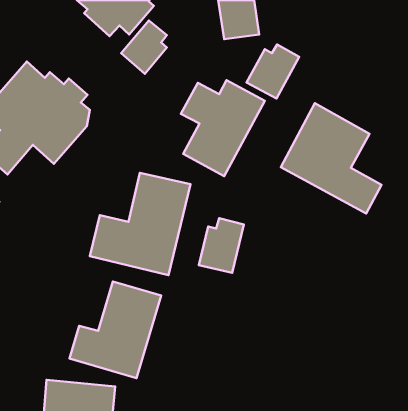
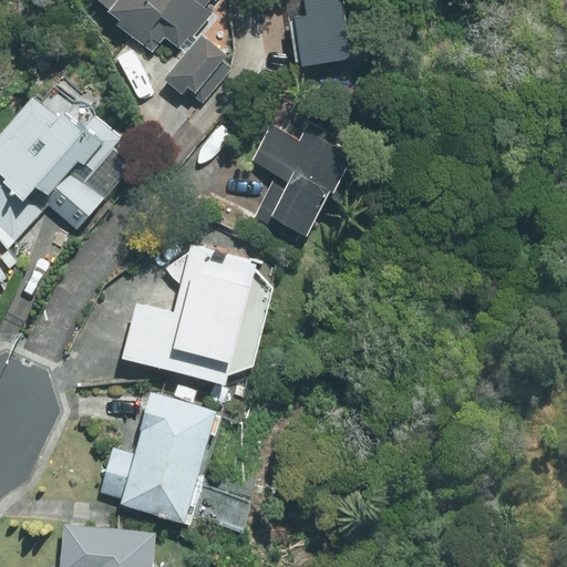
building: [247,44,299,98] -> none
building: [281,103,382,214] -> none
building: [199,218,244,273] -> none

